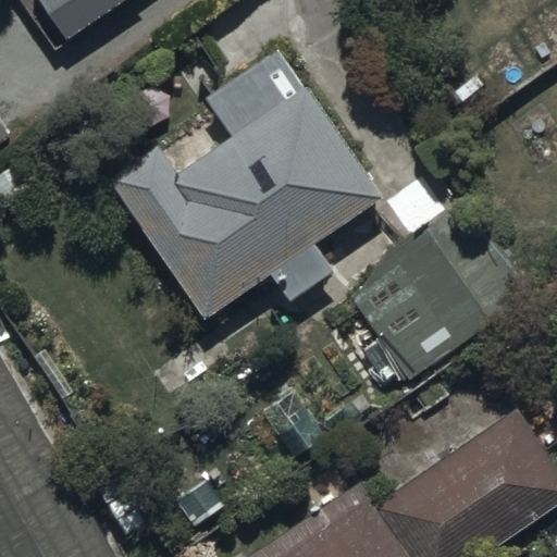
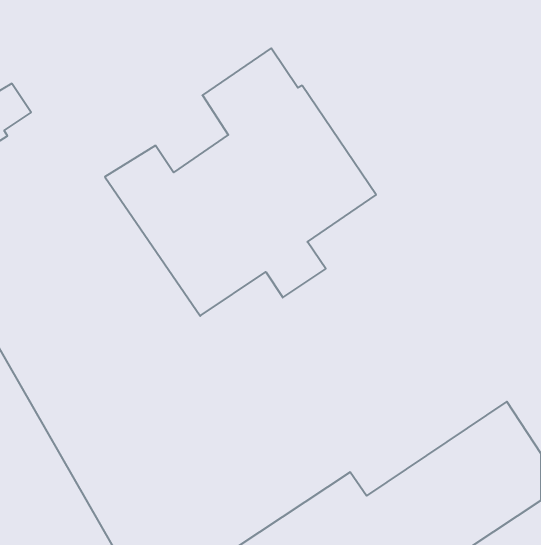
building: [338,198,531,382] -> none

